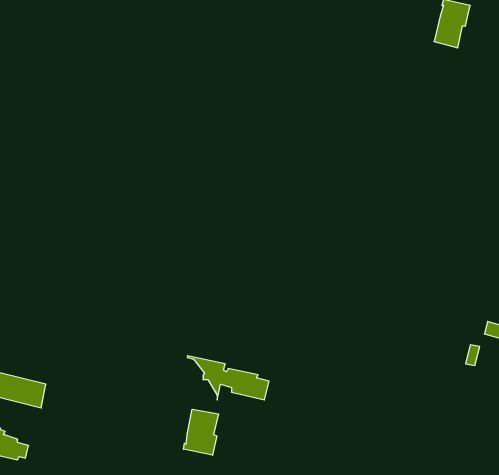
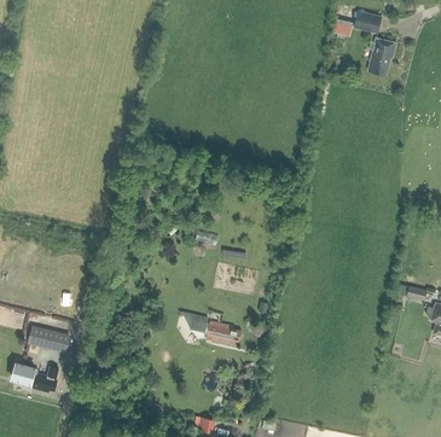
building: [183,409,218,455] -> none

